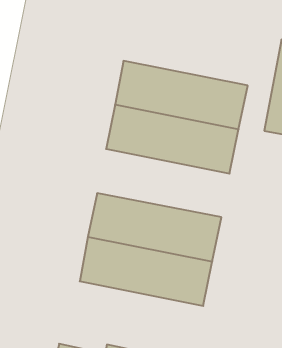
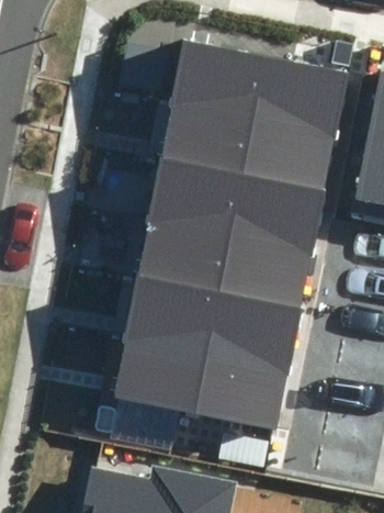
building: none -> [171,41,348,133]
building: none -> [136,218,313,309]

